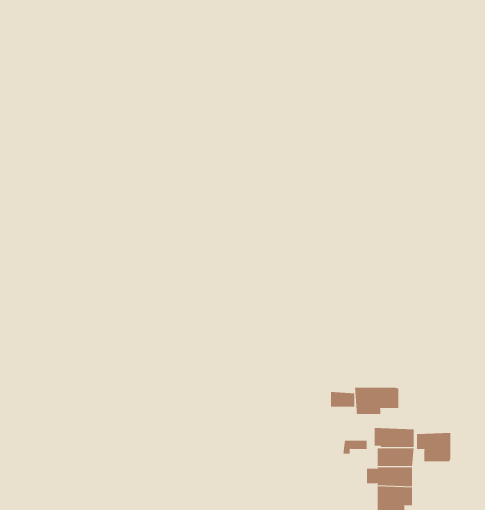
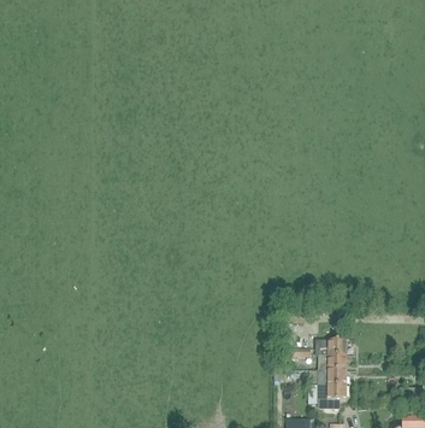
building: [355,387,399,415] -> none
building: [416,432,451,462] -> none

